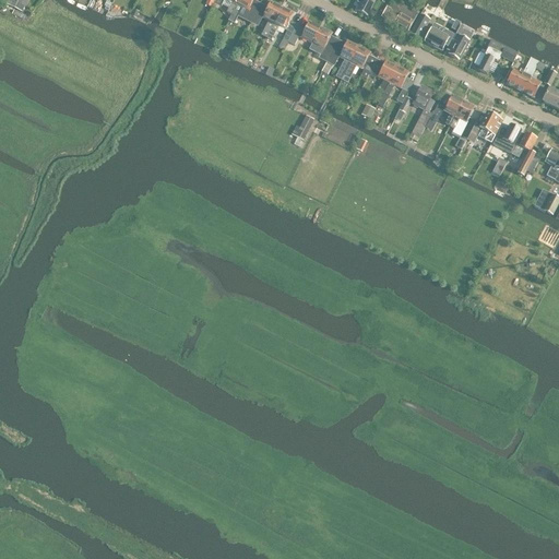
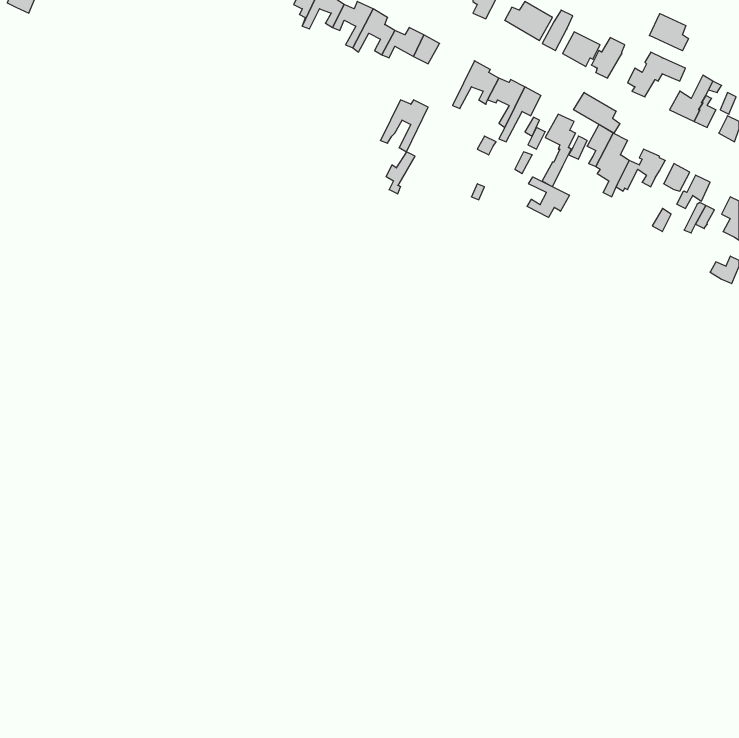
building: none -> [649,14,688,51]
building: [322,40,358,80] -> [380,100,428,152]
building: none -> [574,92,620,133]
building: none -> [527,177,569,217]

